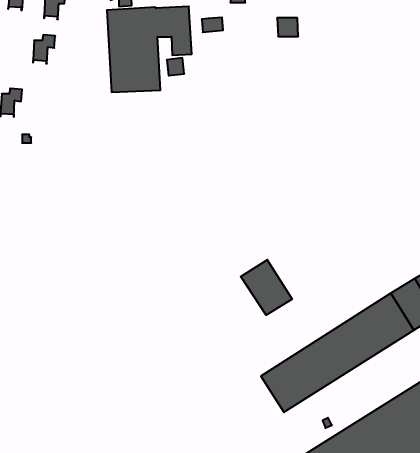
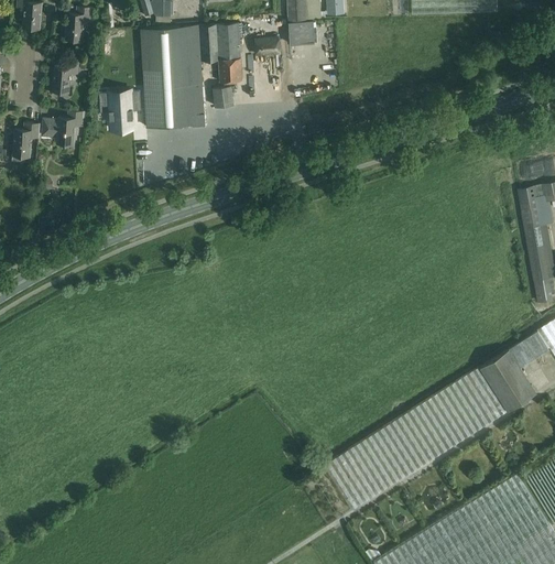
building: [277,18,298,36] -> [289,22,314,44]
building: none -> [99,90,141,129]
building: none -> [42,110,84,144]
building: [241,260,292,315] -> none

